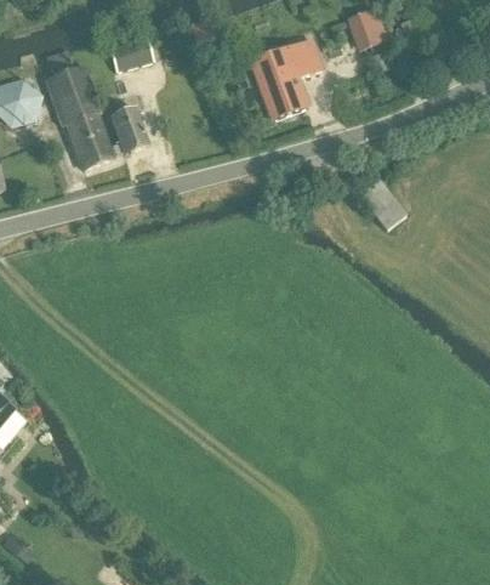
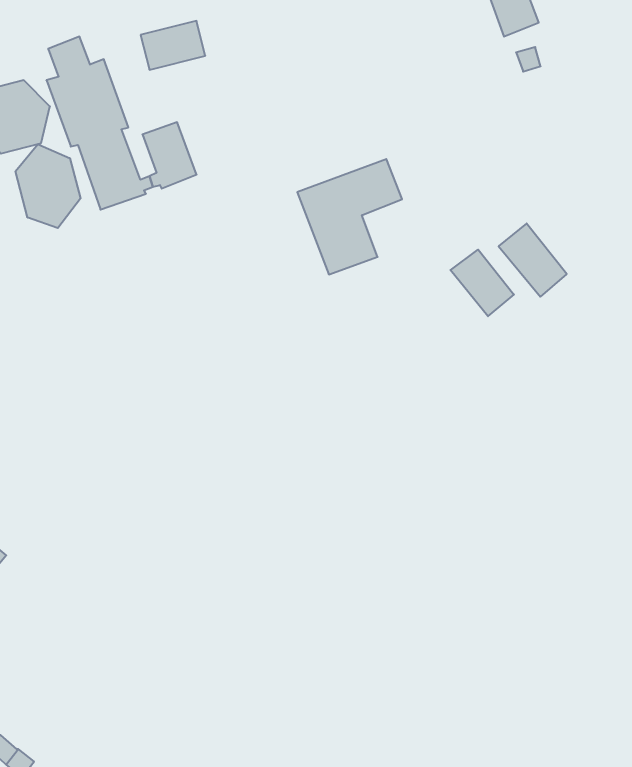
building: [247,40,320,120] -> [297,159,402,274]
building: none -> [16,144,81,228]
building: none -> [450,250,514,316]

